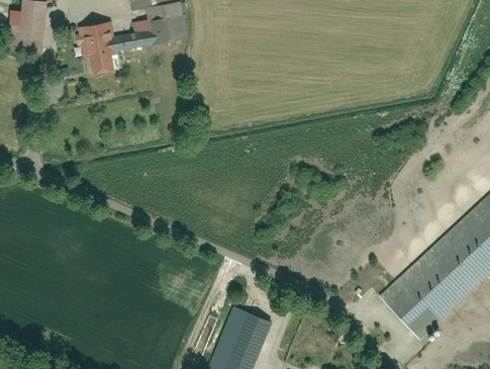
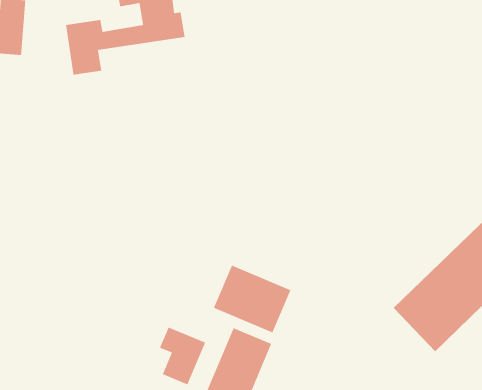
building: none -> [213,264,291,334]
building: none -> [159,326,206,385]

